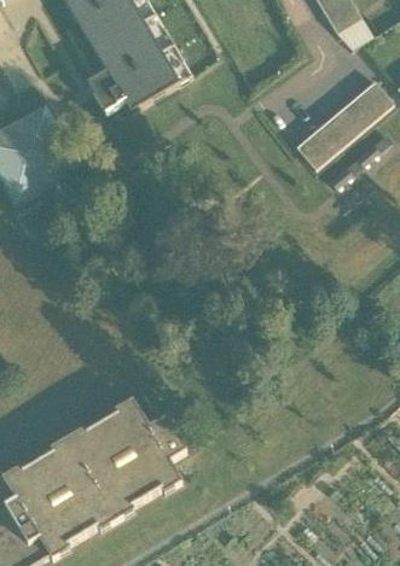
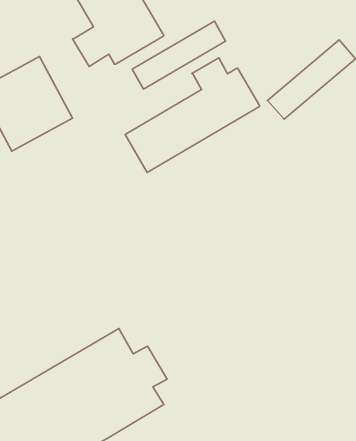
building: none -> [132,21,226,89]
building: none -> [125,58,260,172]

